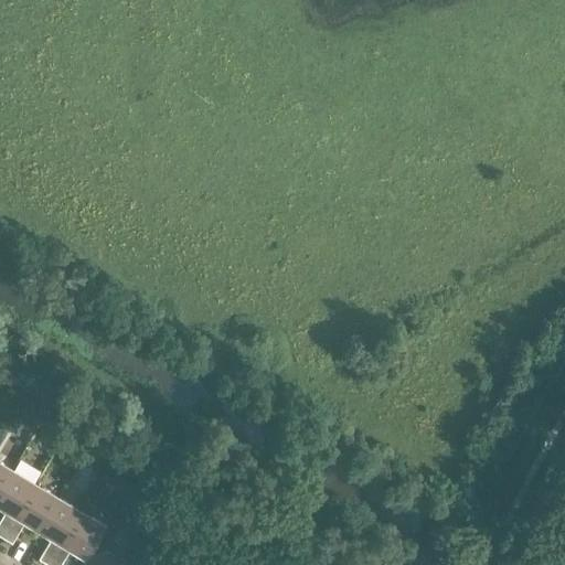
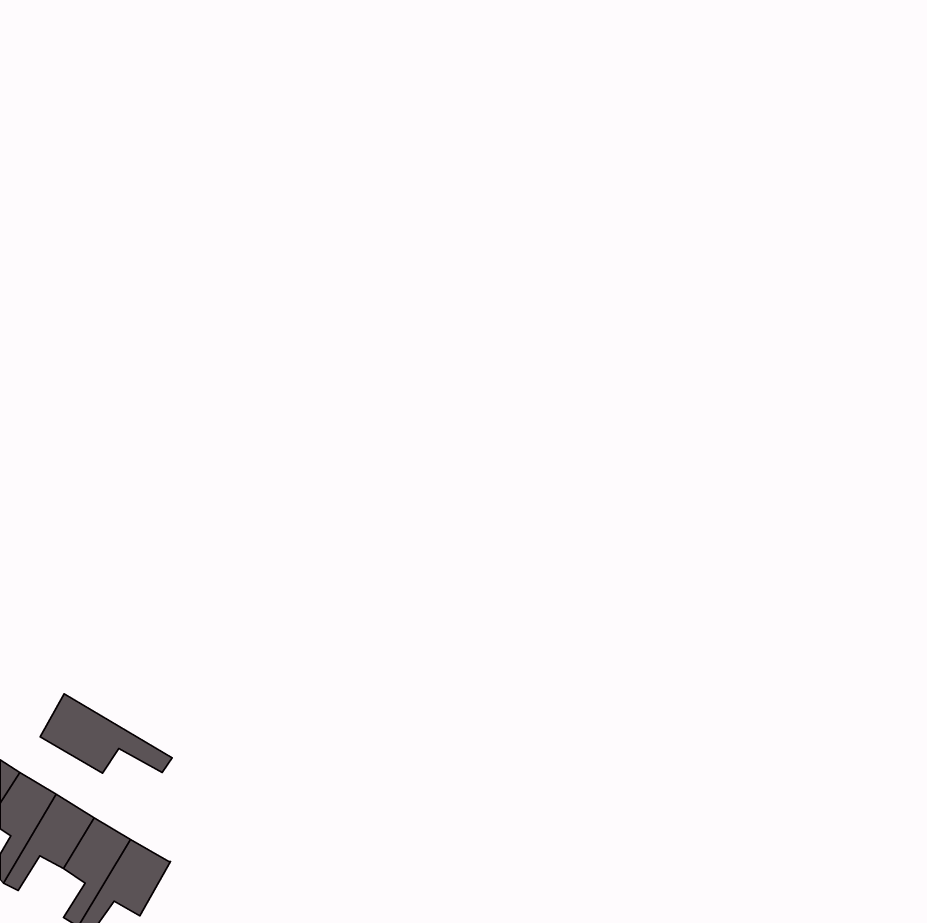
building: none -> [40,694,172,773]

